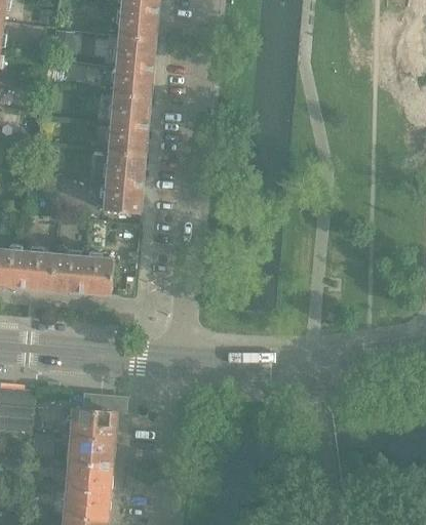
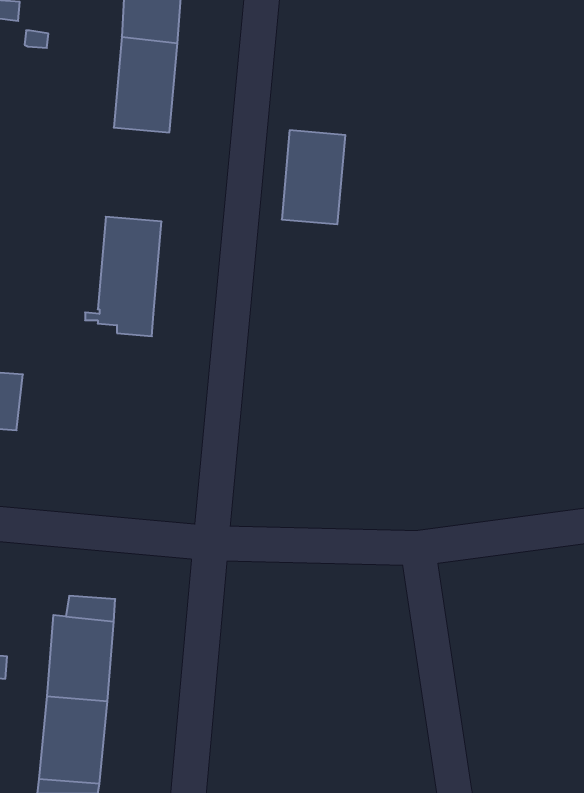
building: [108,95,149,156] -> [282,130,345,224]
building: [50,254,113,295] -> none

